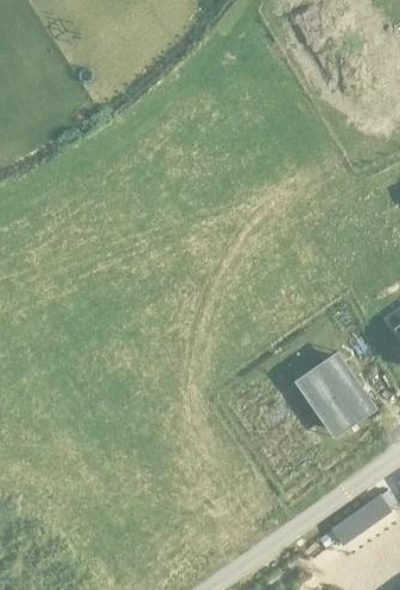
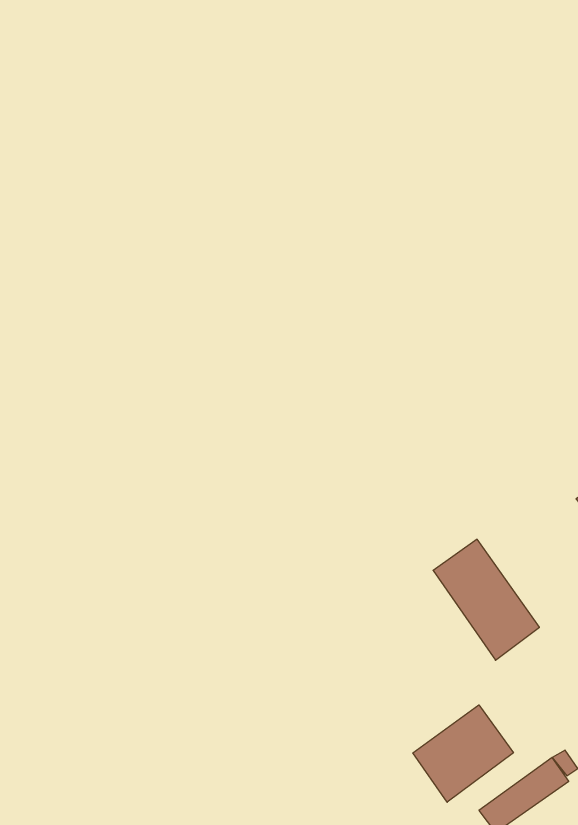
building: none -> [413,705,513,802]

